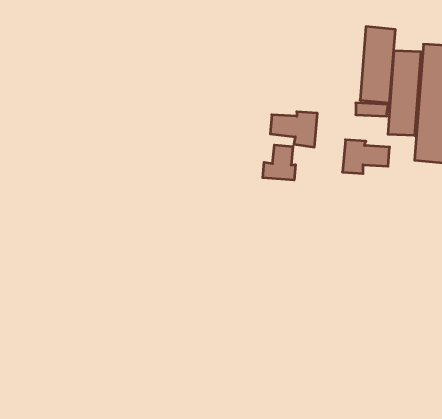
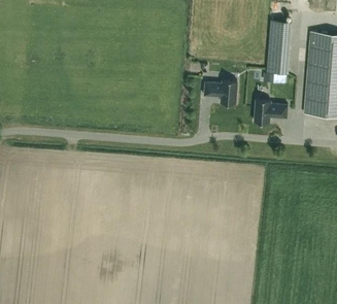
building: [388,50,421,136] -> none
building: [263,145,295,180] -> none

